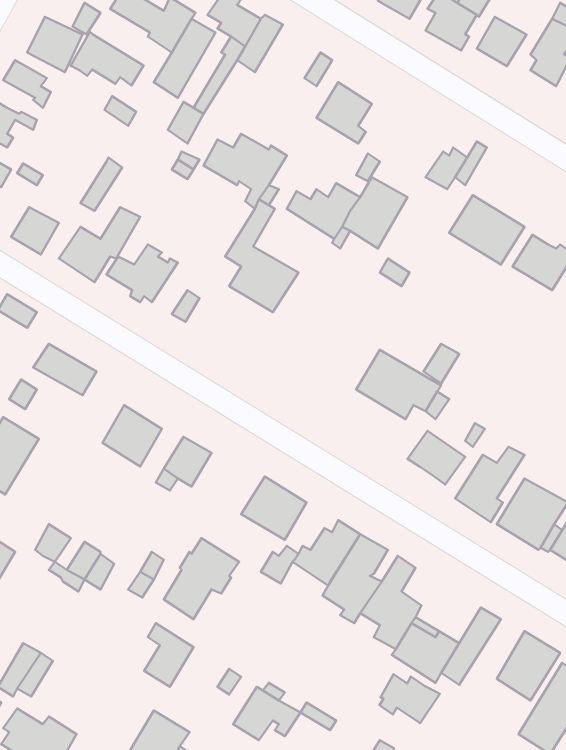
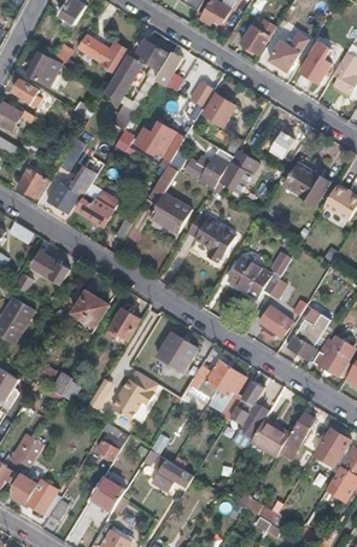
building: [71,32,144,86] -> none
building: none -> [187,213,235,262]
building: [379,674,440,723] -> none

